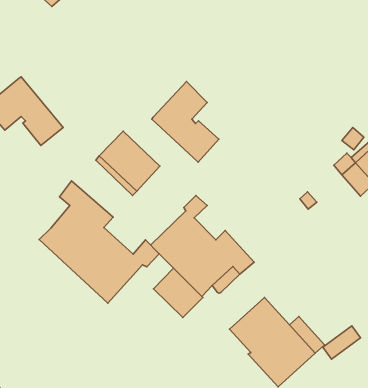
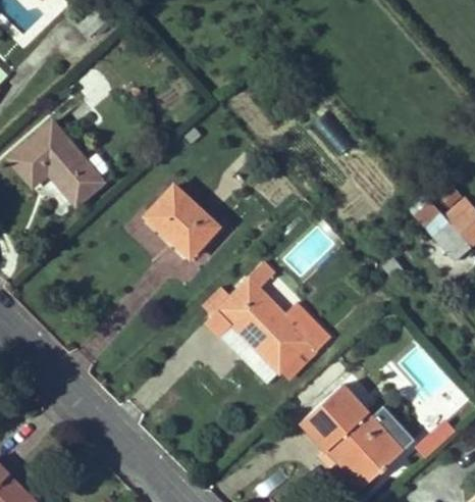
building: [152,81,219,162] -> none
building: [39,181,159,303] -> none
building: [154,268,203,318] -> none

